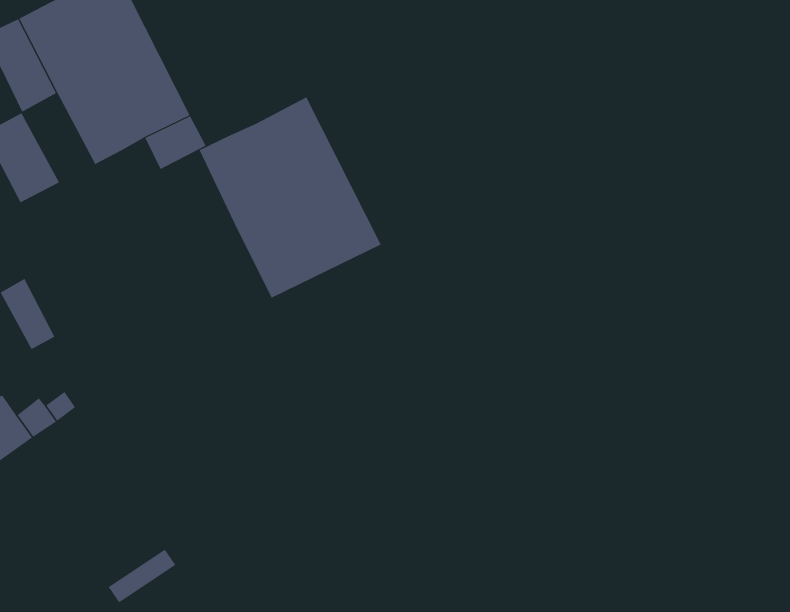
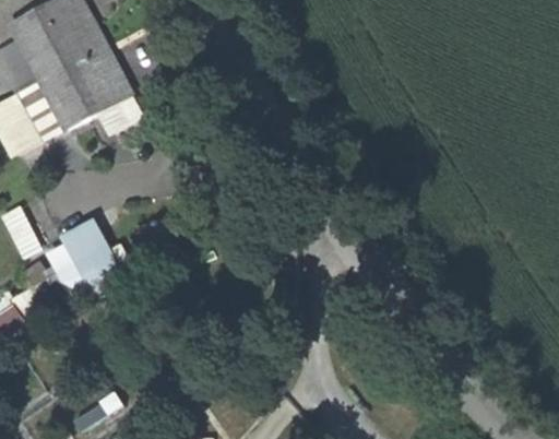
building: none -> [15,80,66,141]
building: [199,97,381,298] -> none
building: none -> [48,218,117,288]

